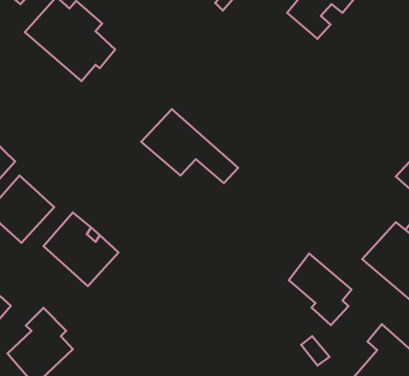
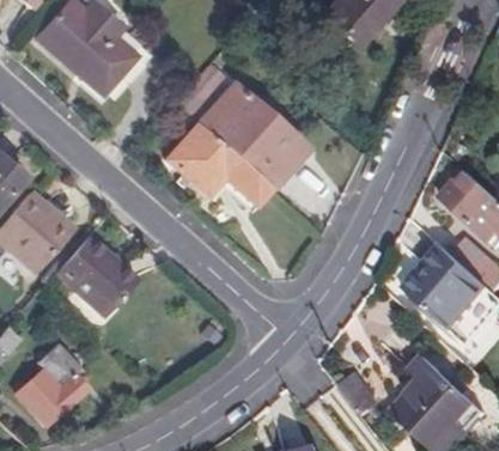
building: none -> [194,81,308,191]
building: [289,253,352,325] -> none

